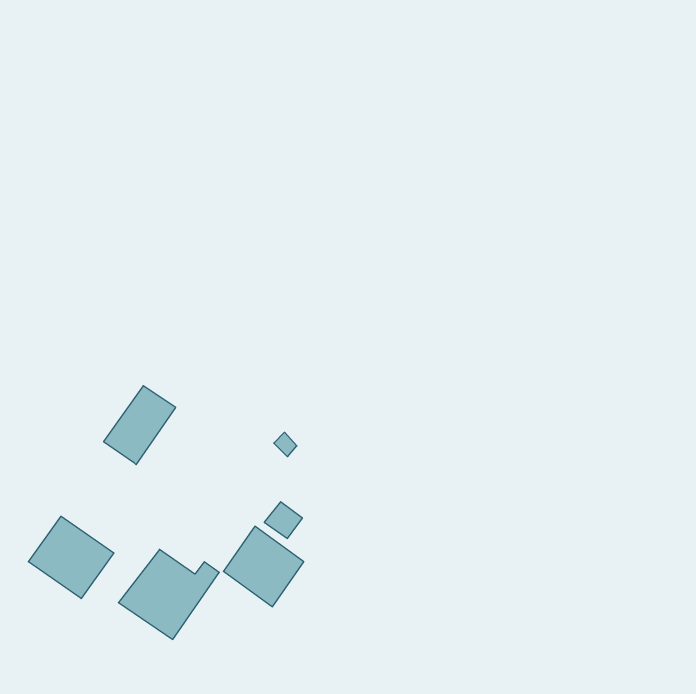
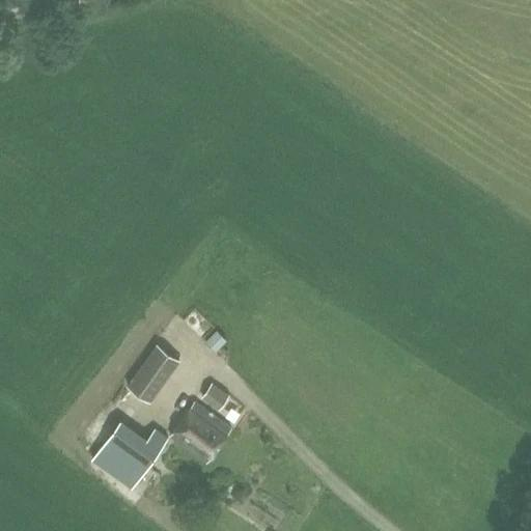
building: [104,386,176,465] -> [125,343,180,403]
building: [28,516,114,599] -> none

